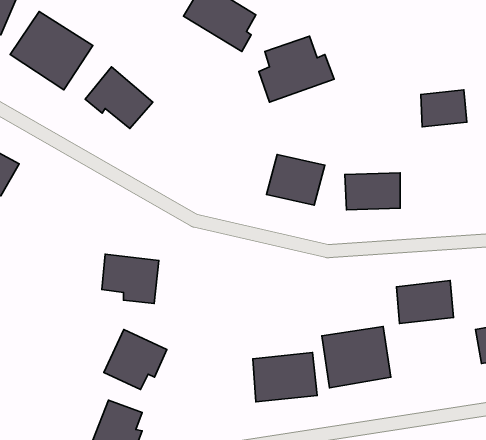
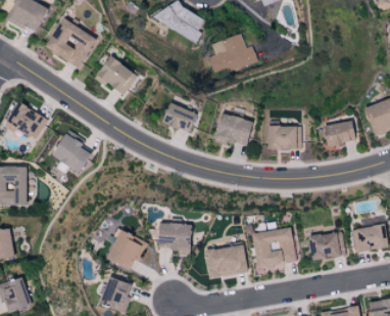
building: [421,90,467,127] -> [324,121,354,145]
building: none -> [162,103,197,131]
building: none -> [51,129,90,171]
building: [102,254,159,303] -> [156,221,194,254]
building: [397,281,453,324] -> [308,231,346,260]

